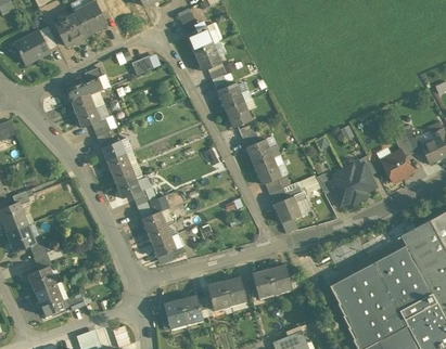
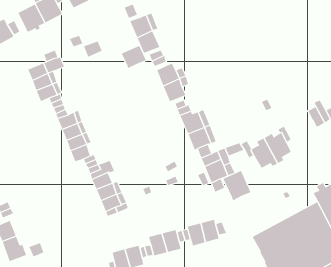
building: none -> [121,45,146,69]
building: [380,150,413,183] -> none
building: none -> [223,170,251,201]

